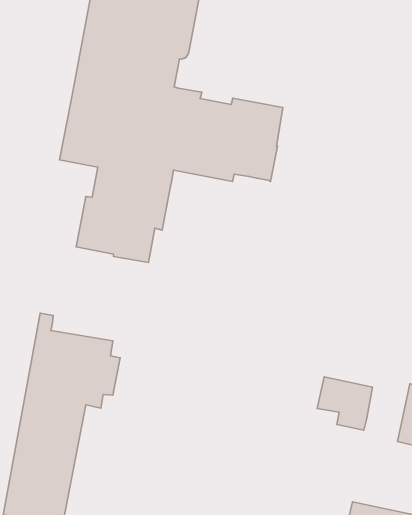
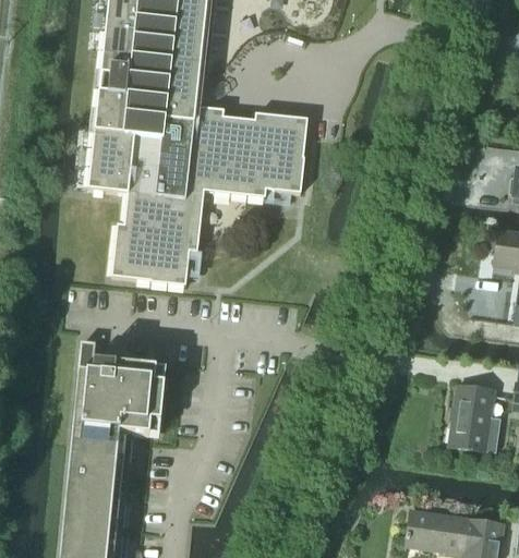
building: [317,377,373,430] -> none

